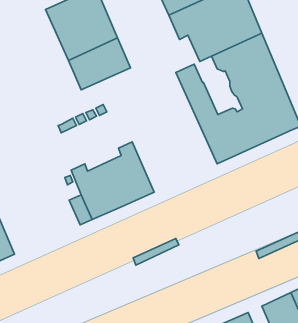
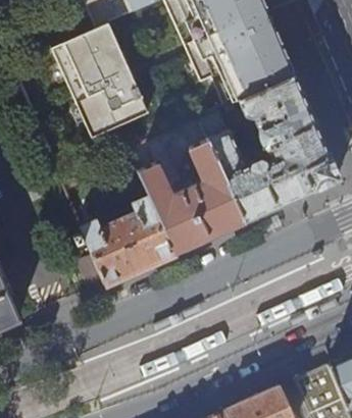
building: none -> [138,118,245,252]

